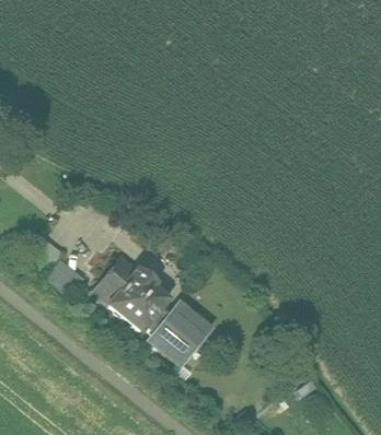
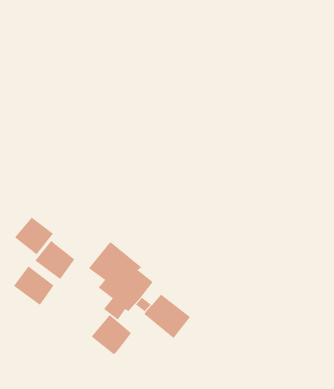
building: none -> [13,266,54,305]
building: none -> [91,314,132,355]

